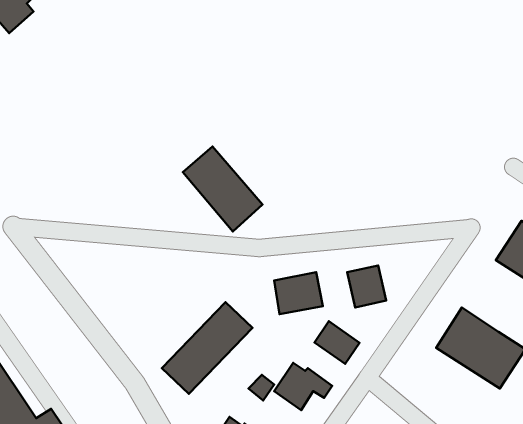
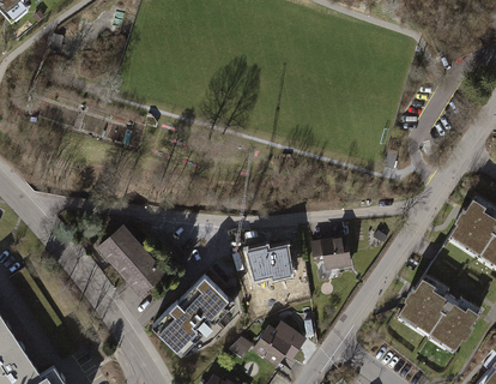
building: [183,147,262,232] -> [103,220,174,295]
building: [315,321,359,364] -> none

